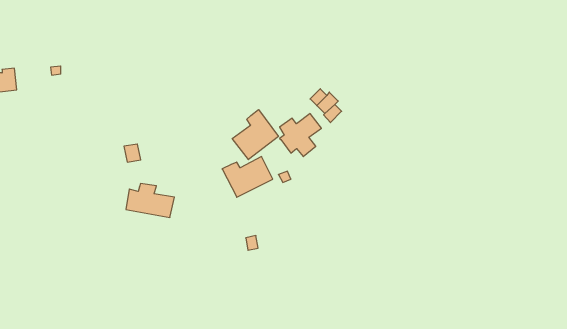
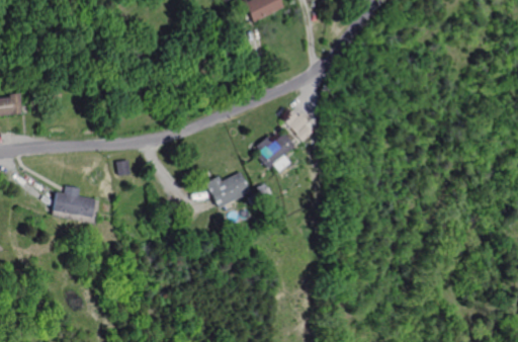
building: [232,110,278,160] -> none
building: [126,184,174,217] -> [54,187,97,218]

